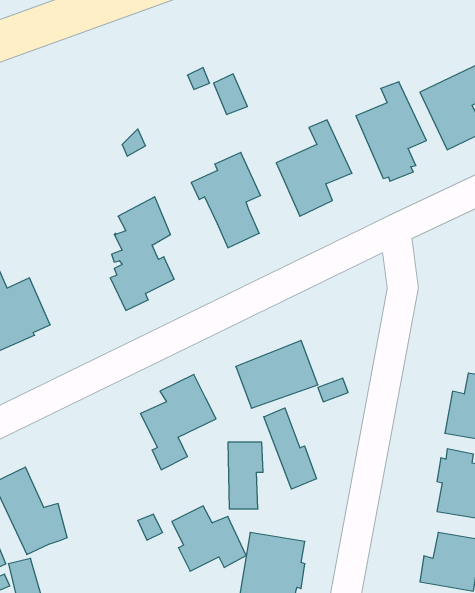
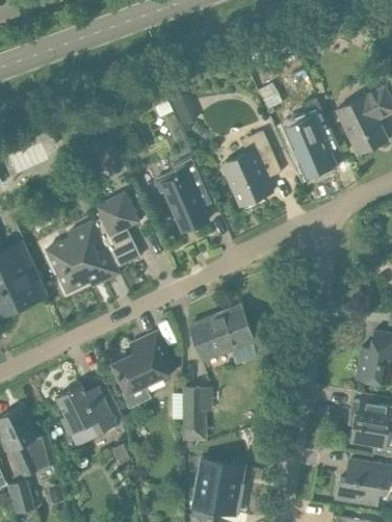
building: none -> [54,221,102,292]
building: [264,408,316,489] -> none
building: [172,506,246,571] -> [56,385,115,437]

